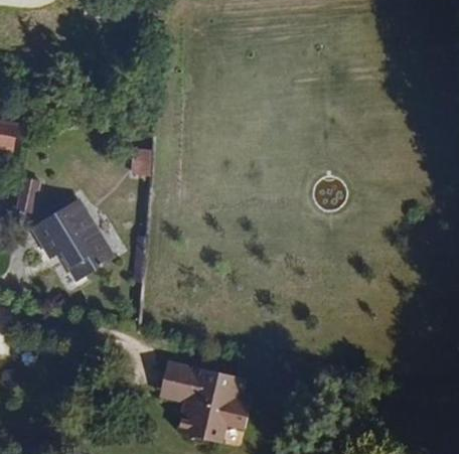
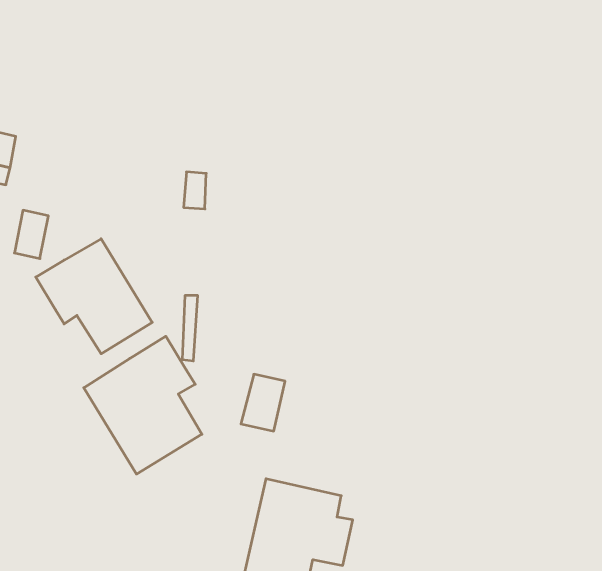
building: none -> [84,336,202,474]
building: [161,362,192,403] -> [241,374,285,431]

